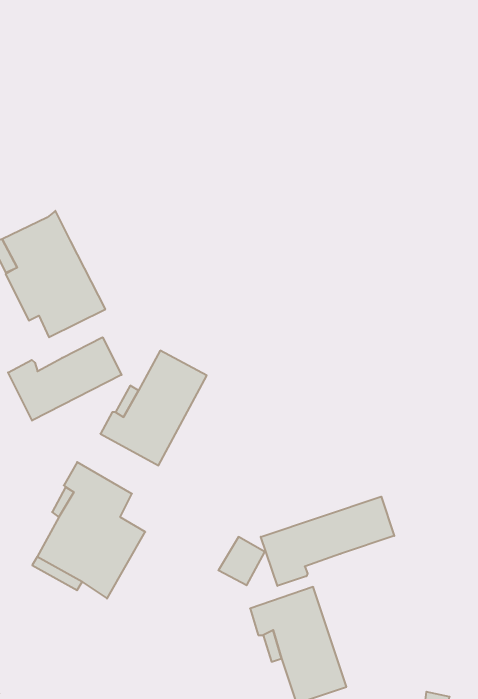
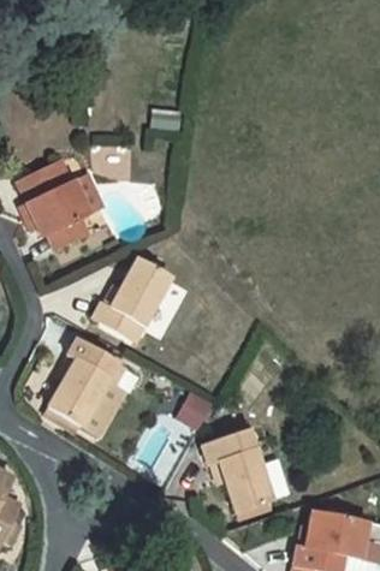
building: [8,337,122,421] -> none
building: [261,497,394,586] -> none

